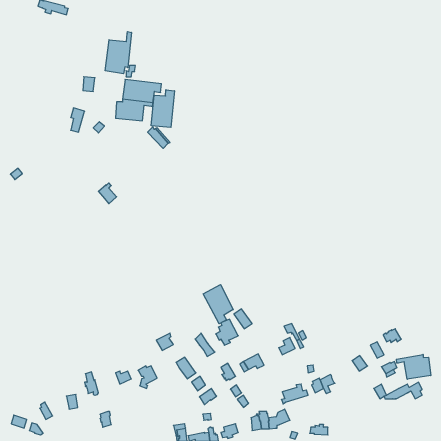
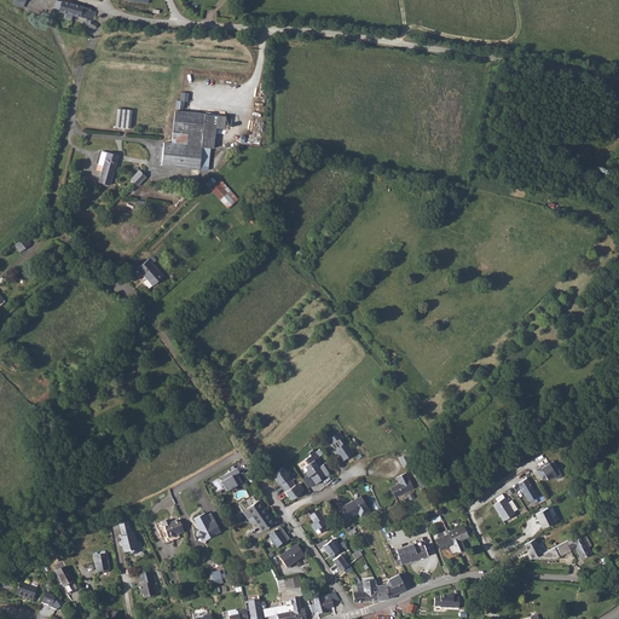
building: [105,32,131,74] -> none
building: [151,90,174,127] -> none
building: [203,285,233,324] -> none
building: [396,354,431,379] -> none

